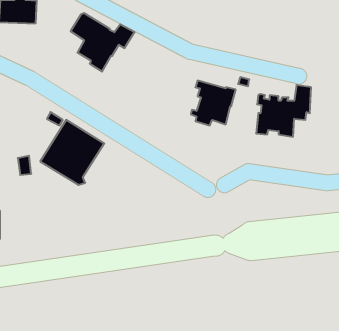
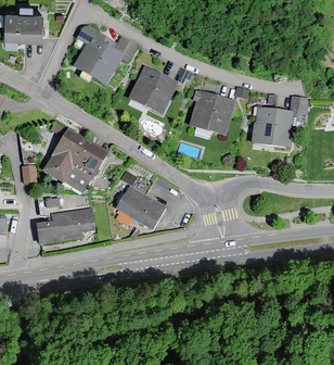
building: none -> [134,68,176,113]
building: none -> [116,167,165,230]
building: none -> [37,191,93,244]

